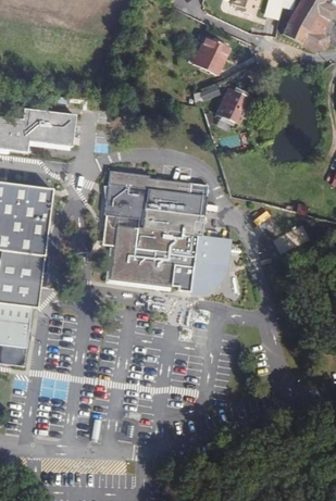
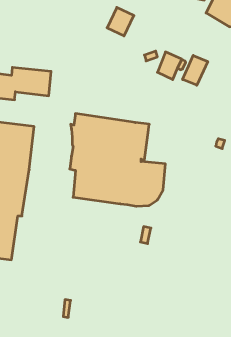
building: [194,35,229,73] -> [107,7,134,36]
building: none -> [183,55,208,85]

